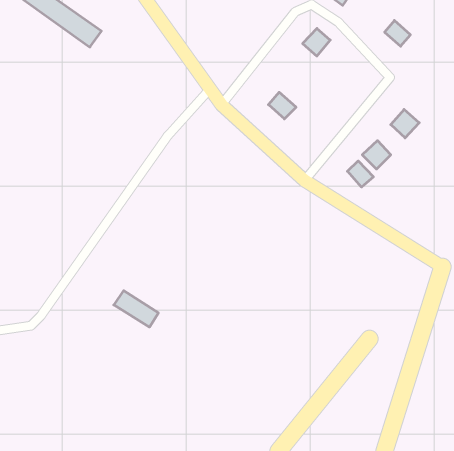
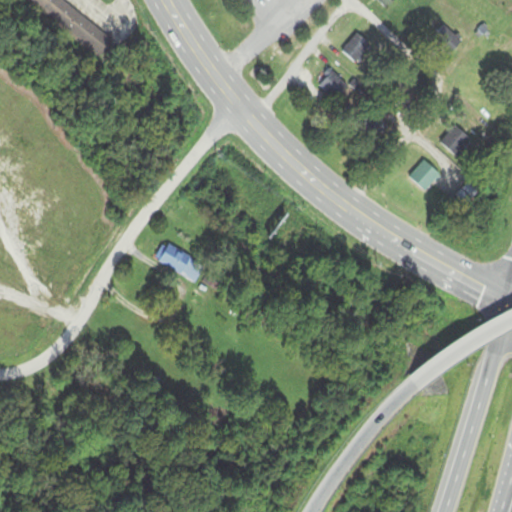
building: [268,92,296,119] -> [317,68,348,98]
building: [347,161,373,187] -> none
building: [114,291,158,327] -> [154,240,204,281]

